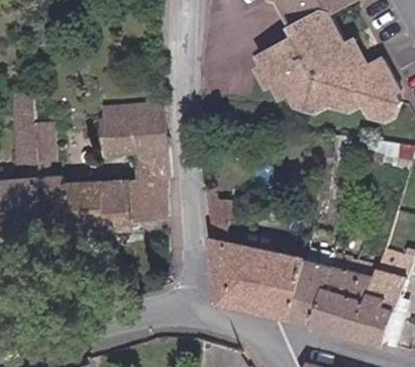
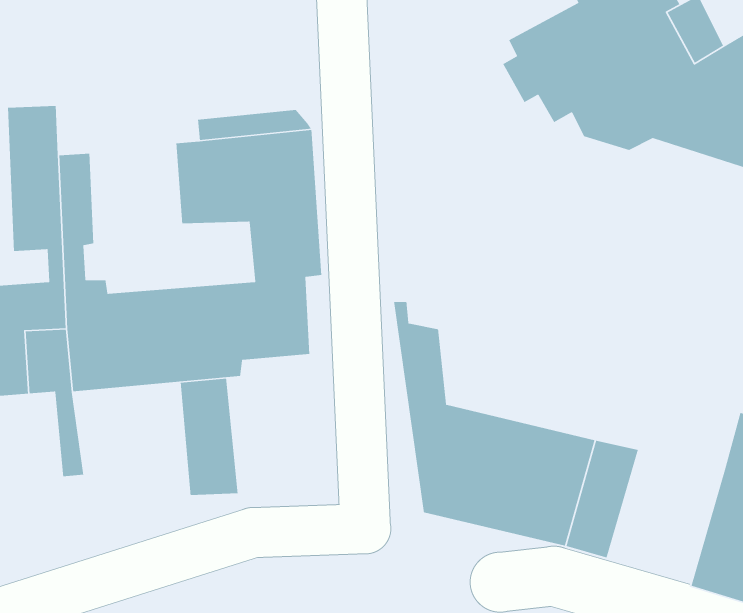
building: none -> [180,378,238,496]
building: [312,254,372,336] -> none

